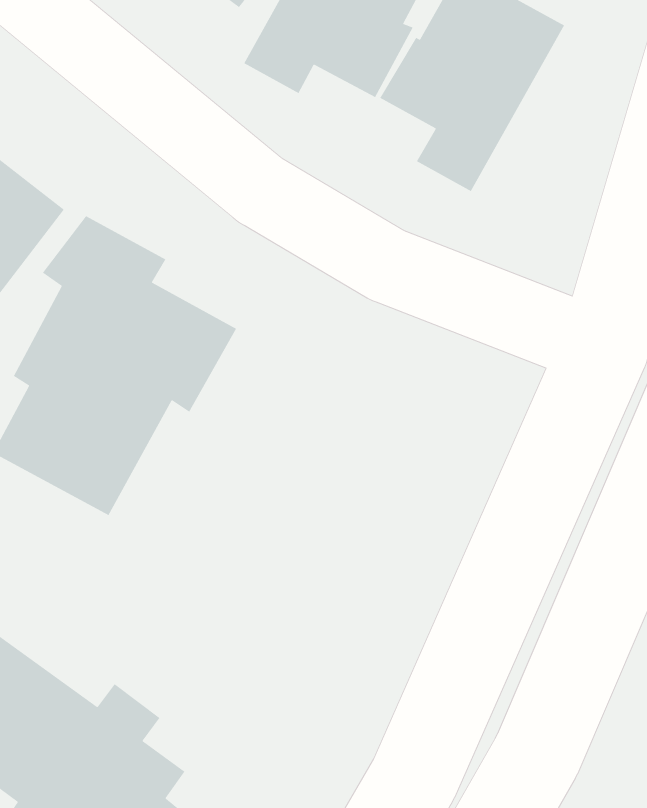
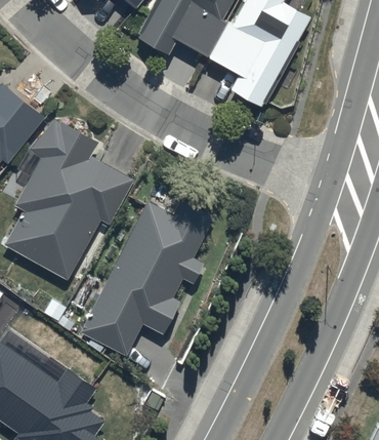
building: none -> [81,200,213,357]

